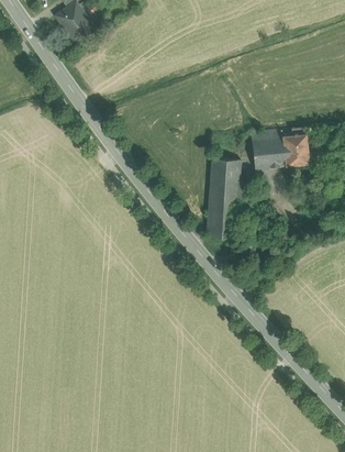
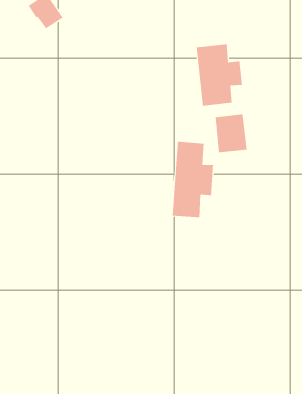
building: none -> [196,44,242,106]
building: [281,134,308,166] -> none

